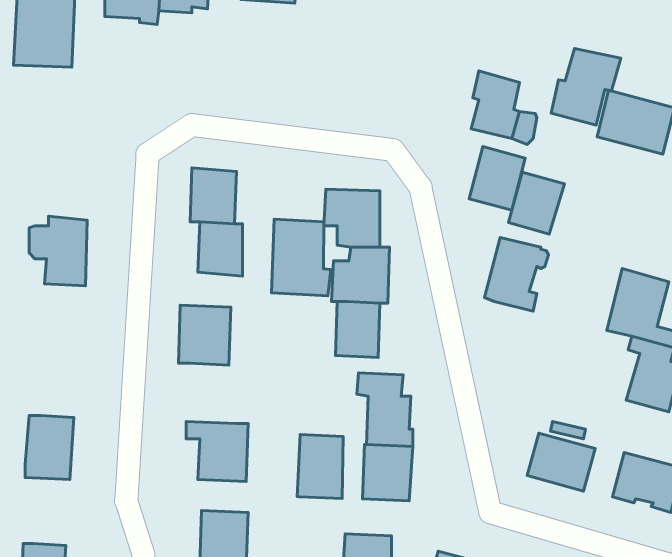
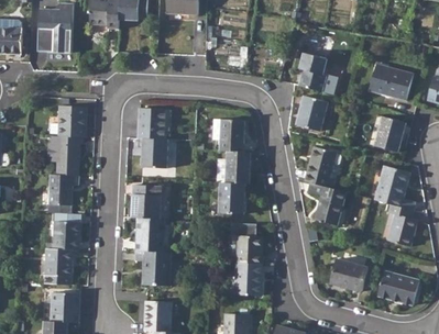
building: [551,48,621,125] -> none
building: none -> [57,105,86,137]
building: [508,172,565,234] -> [374,116,406,152]
building: [271,219,331,296] -> none
building: none -> [47,174,78,204]
building: none -> [308,183,347,226]
building: none -> [135,219,165,253]
building: none -> [53,221,79,249]
building: [297,435,343,499] -> none
building: none -> [48,292,79,323]

